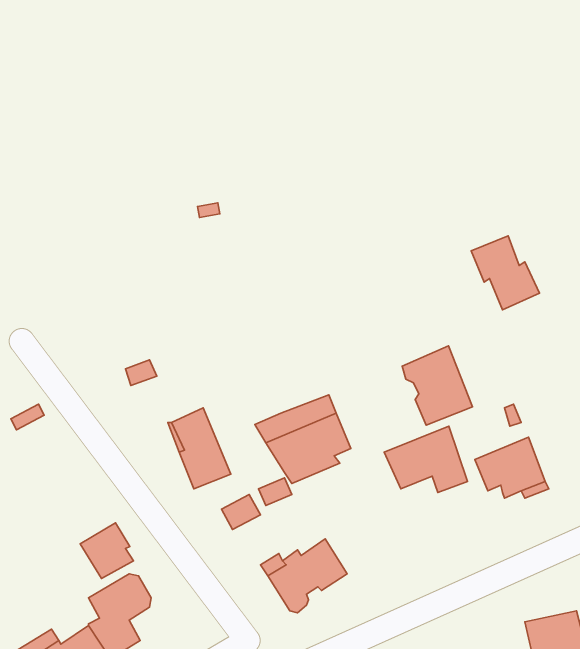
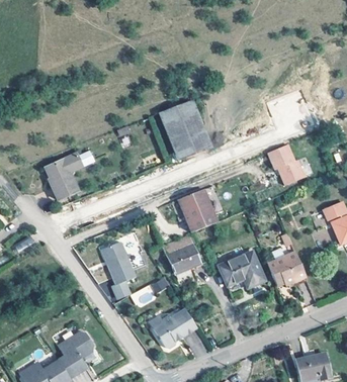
building: none -> [159,101,212,162]
building: none -> [46,153,83,199]
building: [402,346,473,425] -> [178,188,216,231]
building: [80,523,133,579] -> none

